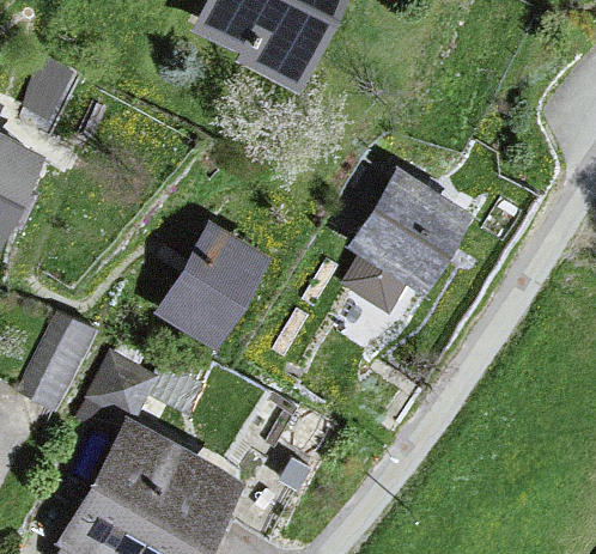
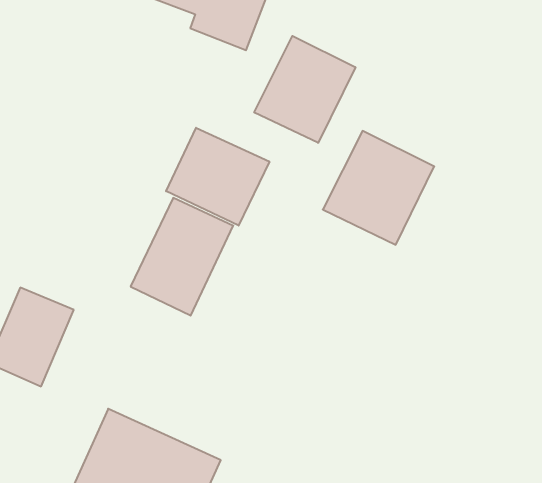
building: none -> [254,36,355,143]
building: none -> [166,128,269,226]

